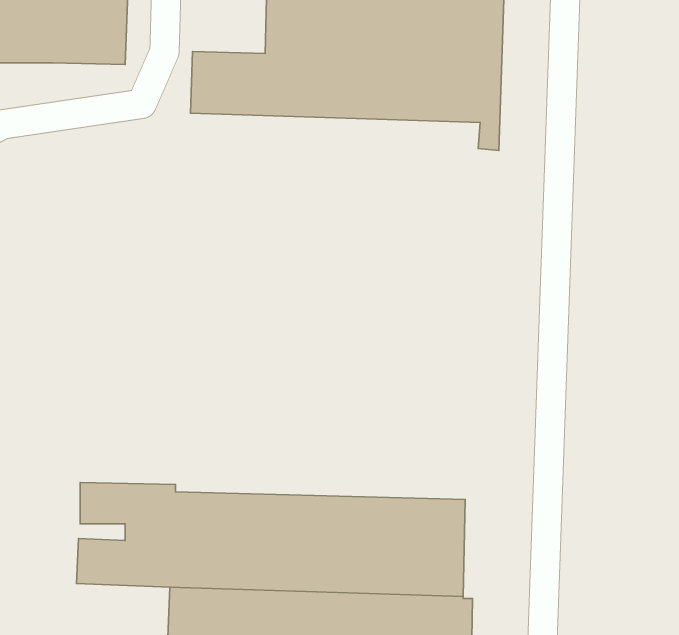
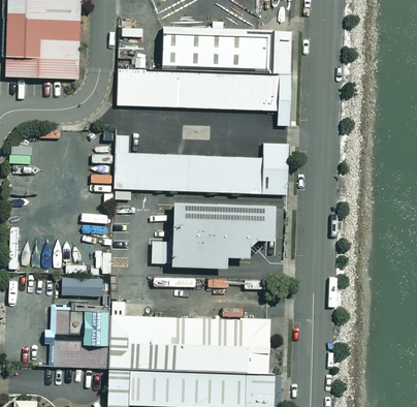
building: none -> [114,135,287,194]
building: none -> [152,198,275,263]
building: none -> [60,278,101,296]

